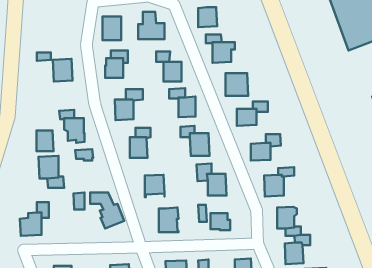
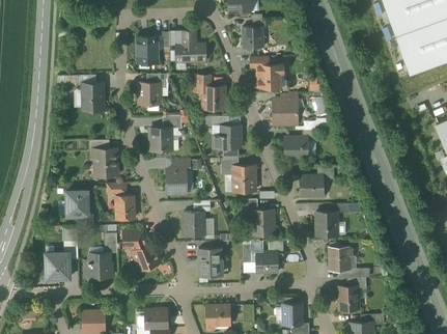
building: [37,130,54,151] -> [116,196,135,219]
building: none -> [85,253,111,278]

